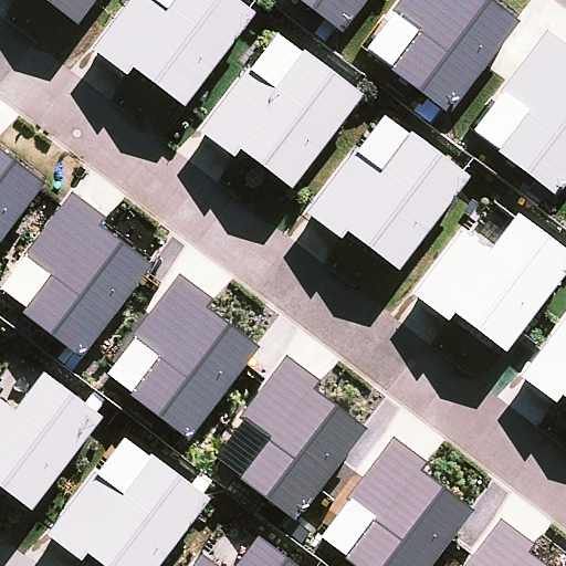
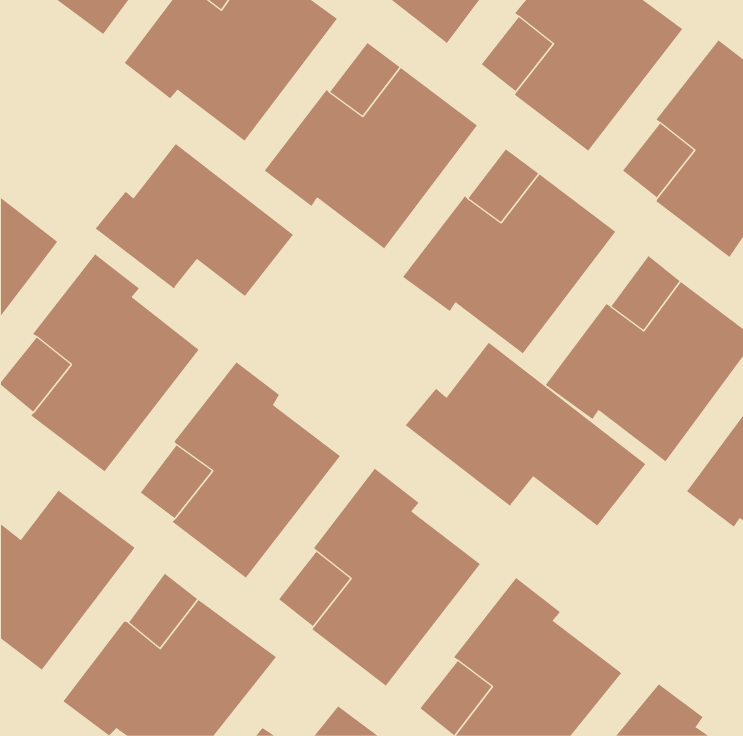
building: none -> [95,143,294,297]
building: none -> [405,342,646,526]

